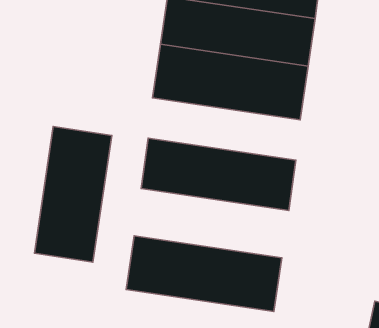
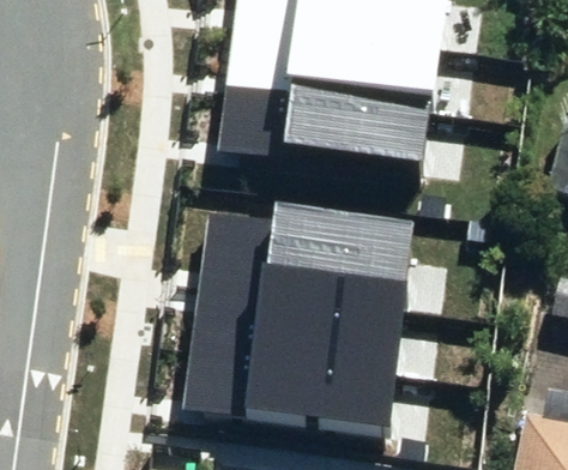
building: [34,127,112,262] -> none
building: none -> [197,261,407,356]

